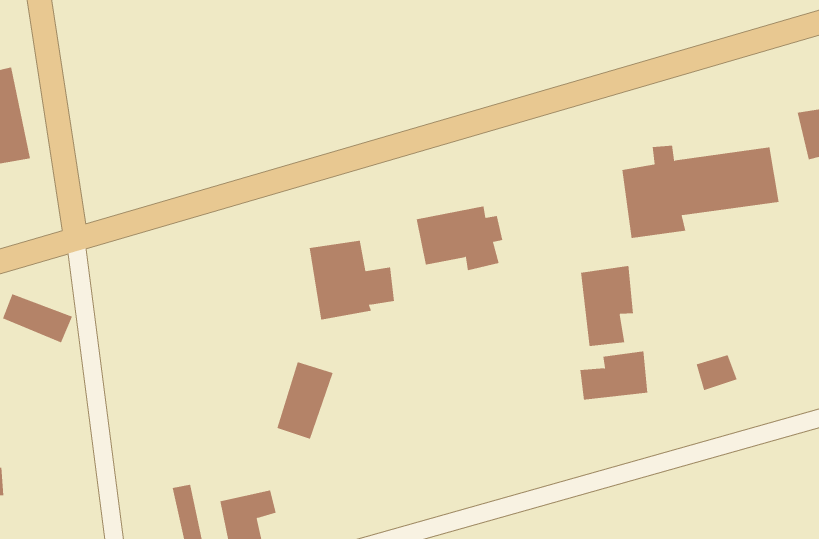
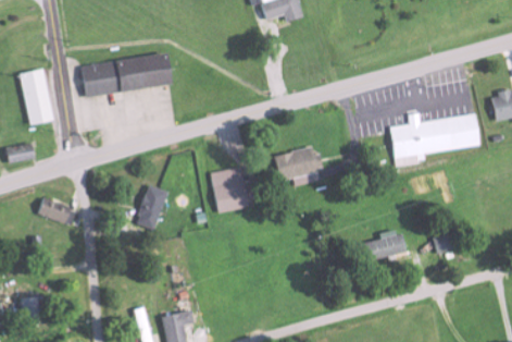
building: none -> [79,52,171,96]
building: [581,265,634,347] -> none
building: [276,361,334,440] -> [135,184,167,229]

